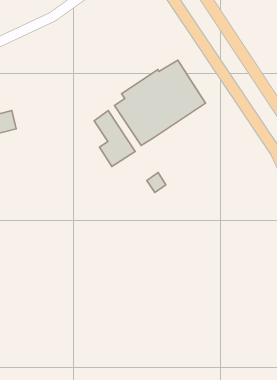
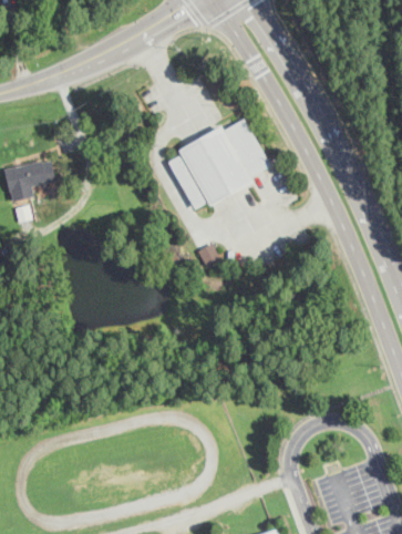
building: [94,111,135,167] -> none

